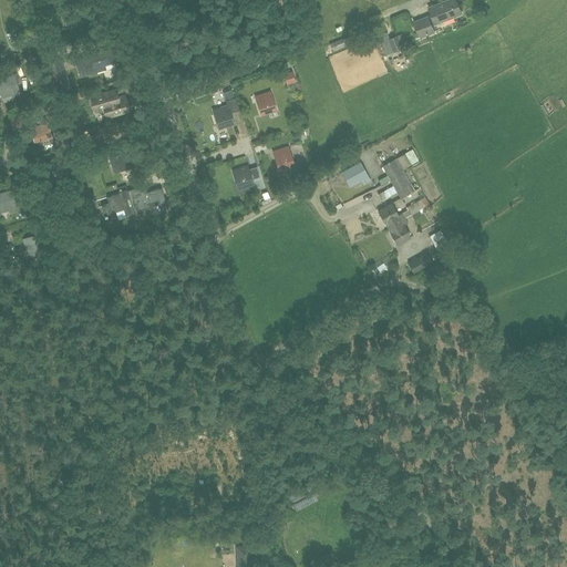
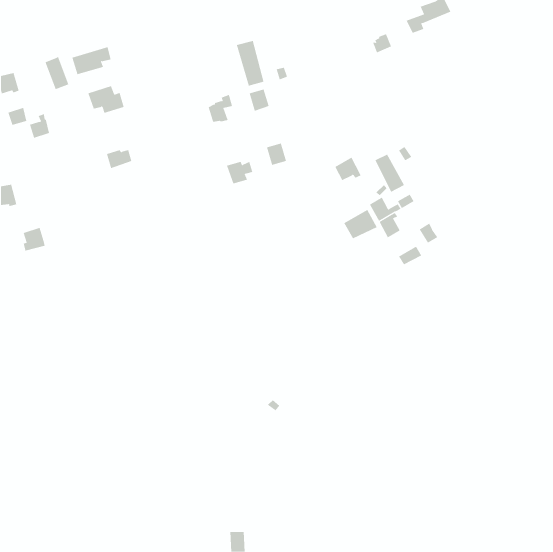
building: none -> [236,40,264,87]
building: [102,186,165,219] -> none
building: none -> [344,209,377,239]

